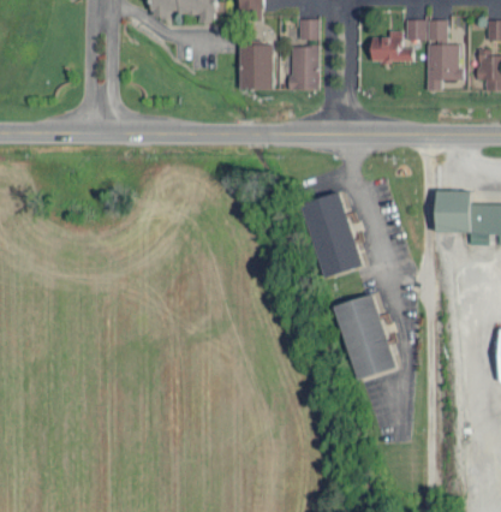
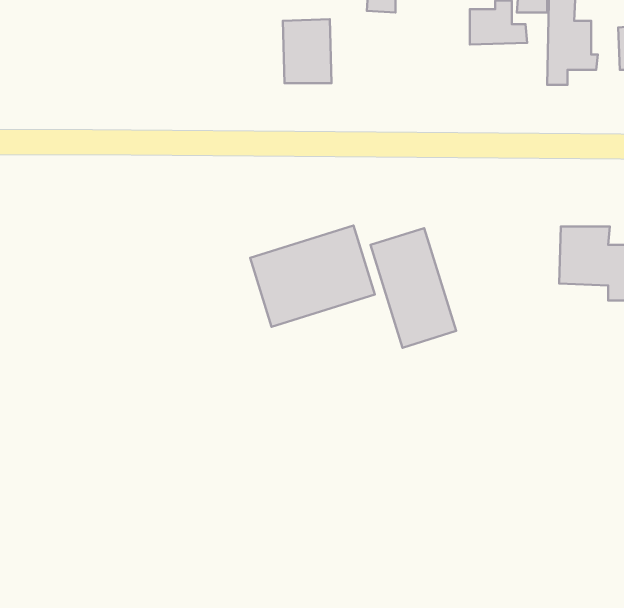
building: [290,46,318,89] -> none
building: none -> [250,226,375,327]
building: [334,293,396,380] -> none

